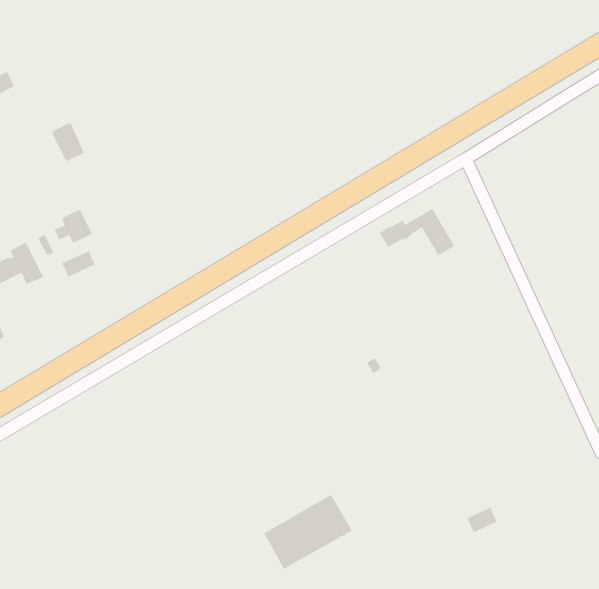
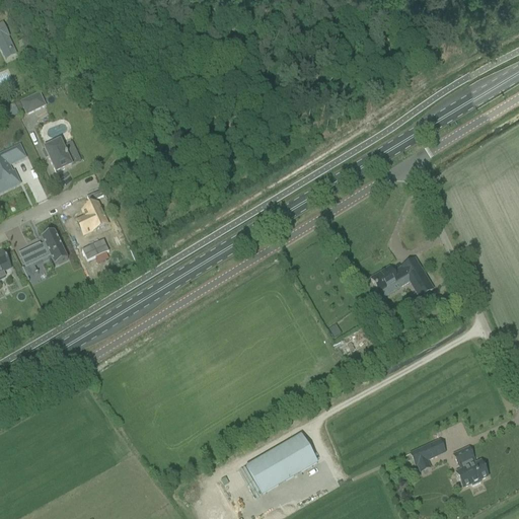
building: [51,122,85,162] -> [45,139,72,171]
building: [379,208,456,256] -> [372,257,434,296]
building: none -> [454,446,489,486]

